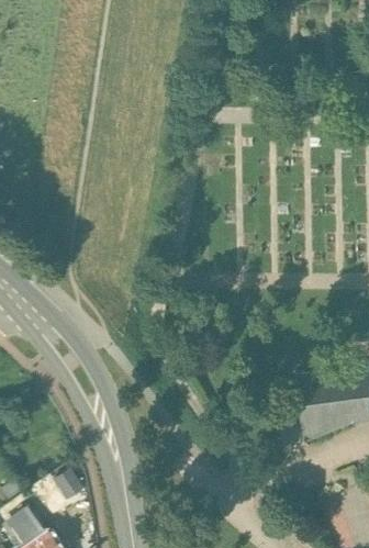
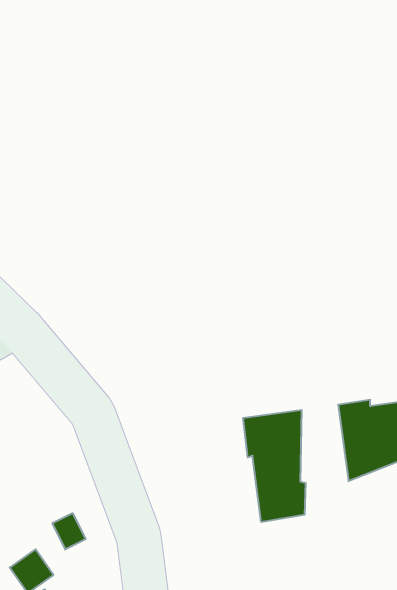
building: none -> [243,410,306,522]

